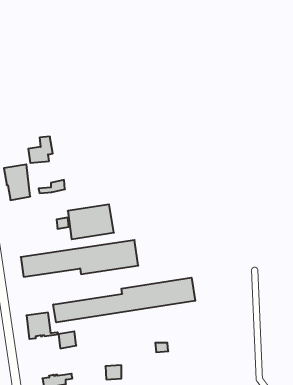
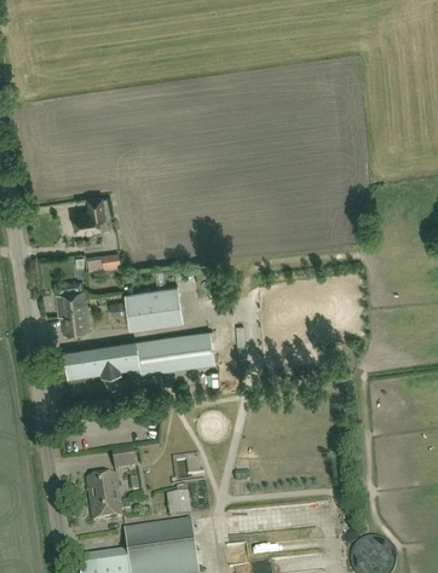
building: [4,164,30,200] -> [54,290,88,336]
building: [53,278,195,322] -> none
building: [26,313,58,339] -> [87,475,128,509]

